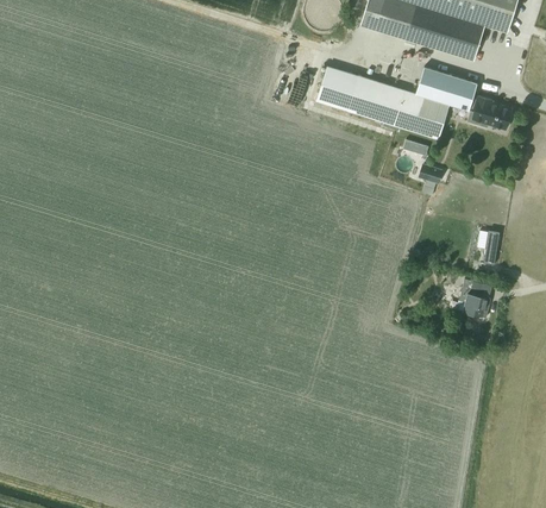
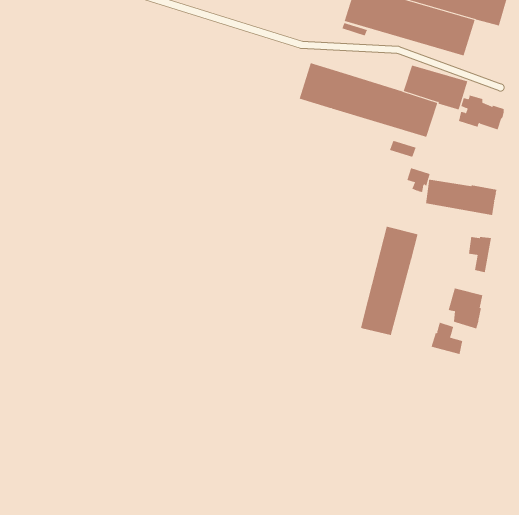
building: none -> [426,179,497,216]
building: none -> [360,226,418,336]
building: none -> [431,322,463,355]

